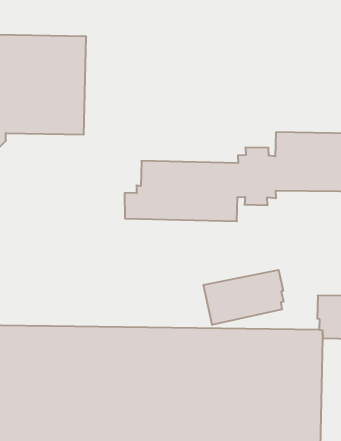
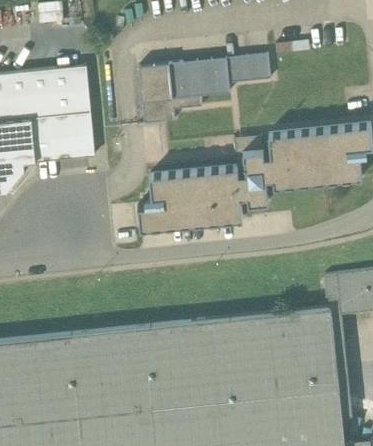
building: none -> [138,53,271,121]
building: [204,270,283,325] -> none

